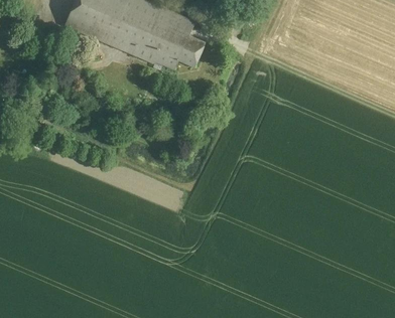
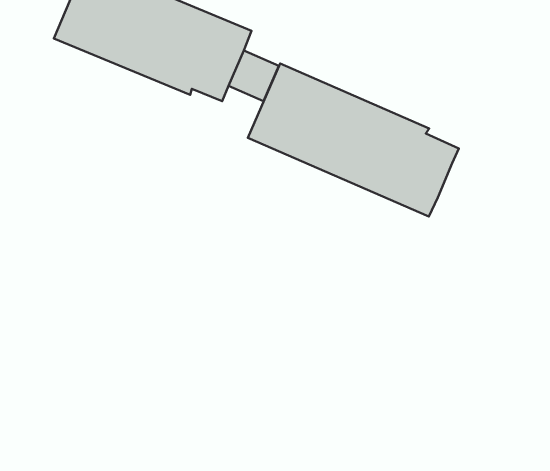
building: none -> [248,63,459,216]

